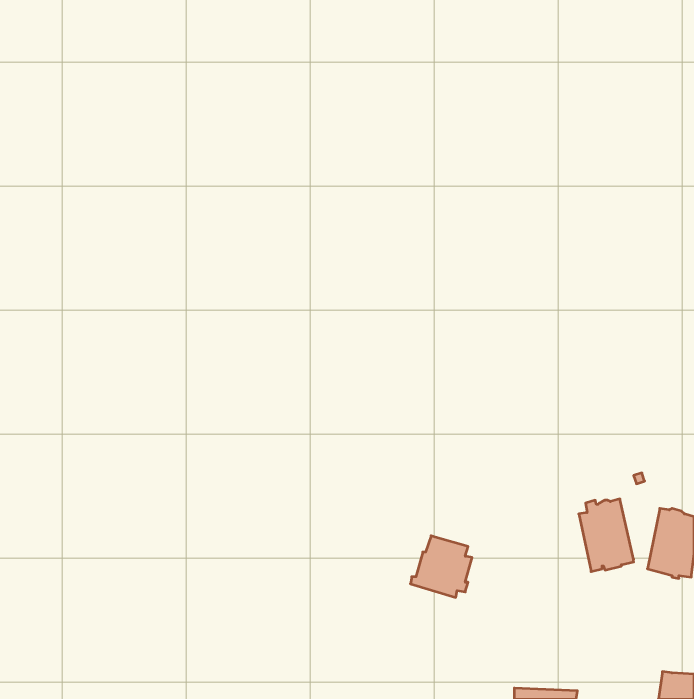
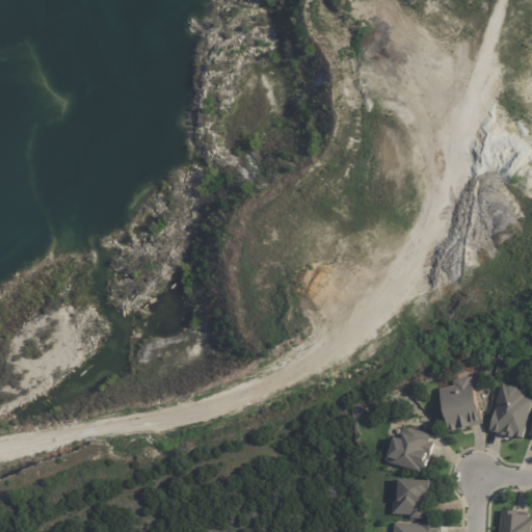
building: [410,536,472,597] -> [382,424,429,471]
building: none -> [390,478,430,516]

